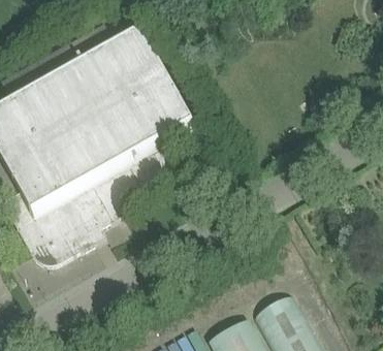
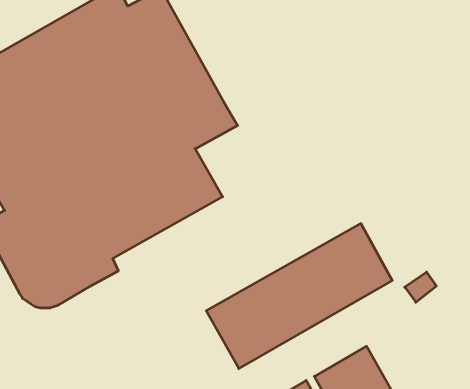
building: none -> [206,224,392,369]

